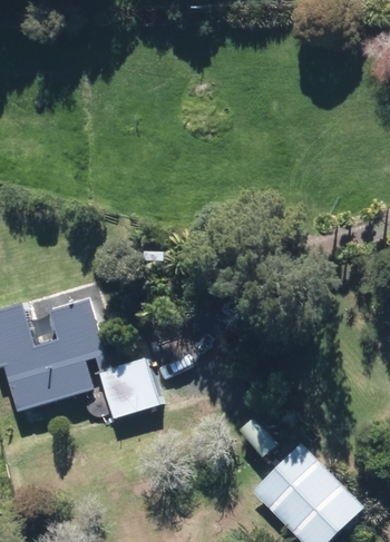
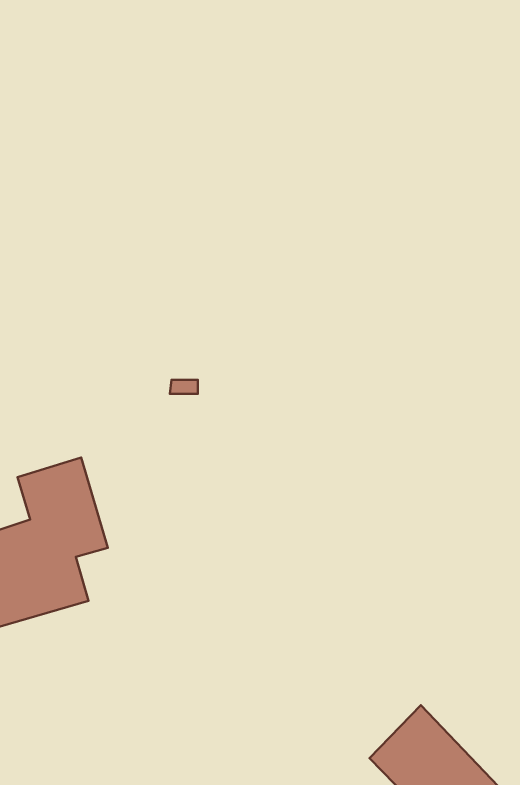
building: [100,358,158,417] -> none

